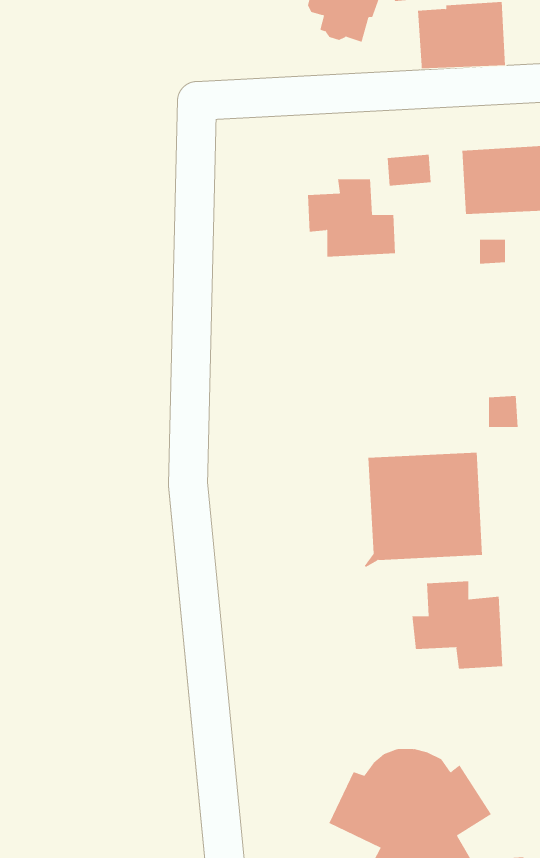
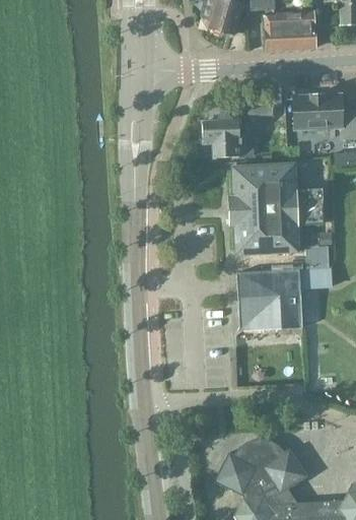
building: none -> [229,164,323,254]
building: none -> [301,266,331,287]
building: [412,581,503,669] -> none

